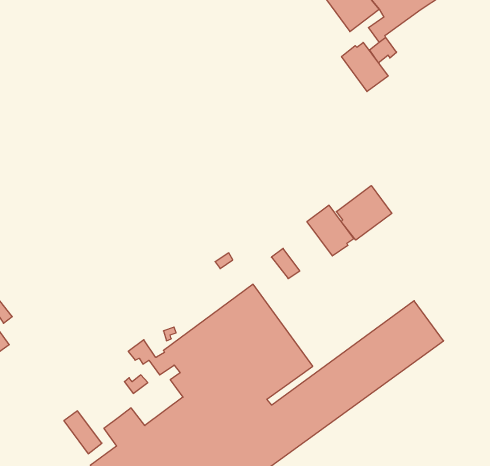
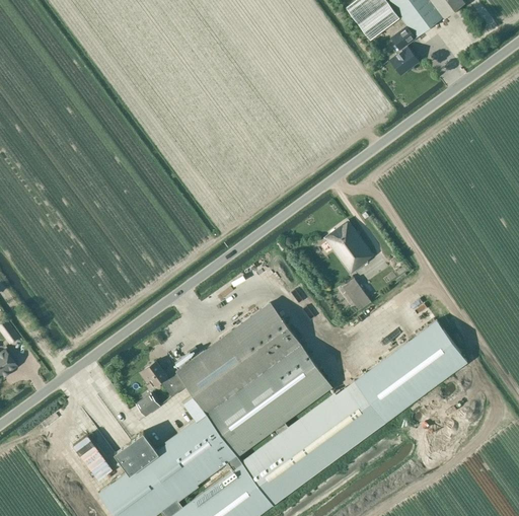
building: [342,42,388,92] -> none
building: [336,186,392,240] -> none
building: [271,248,300,279] -> [342,279,371,310]

